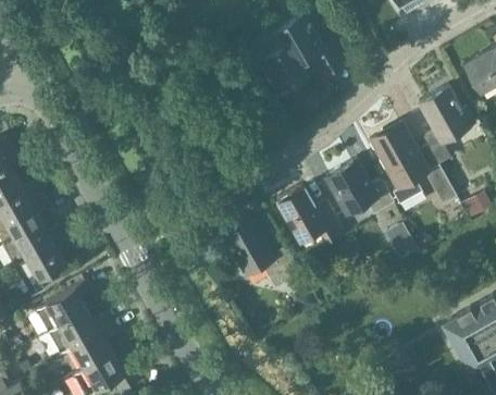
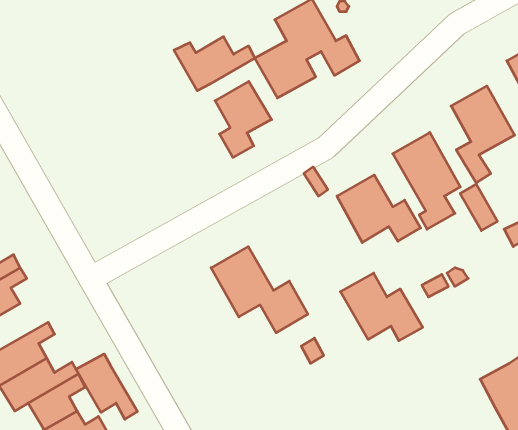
building: none -> [174,37,255,91]
building: none -> [215,81,272,157]
building: [276,188,344,244] -> [340,273,423,341]
building: none -> [76,354,137,419]

